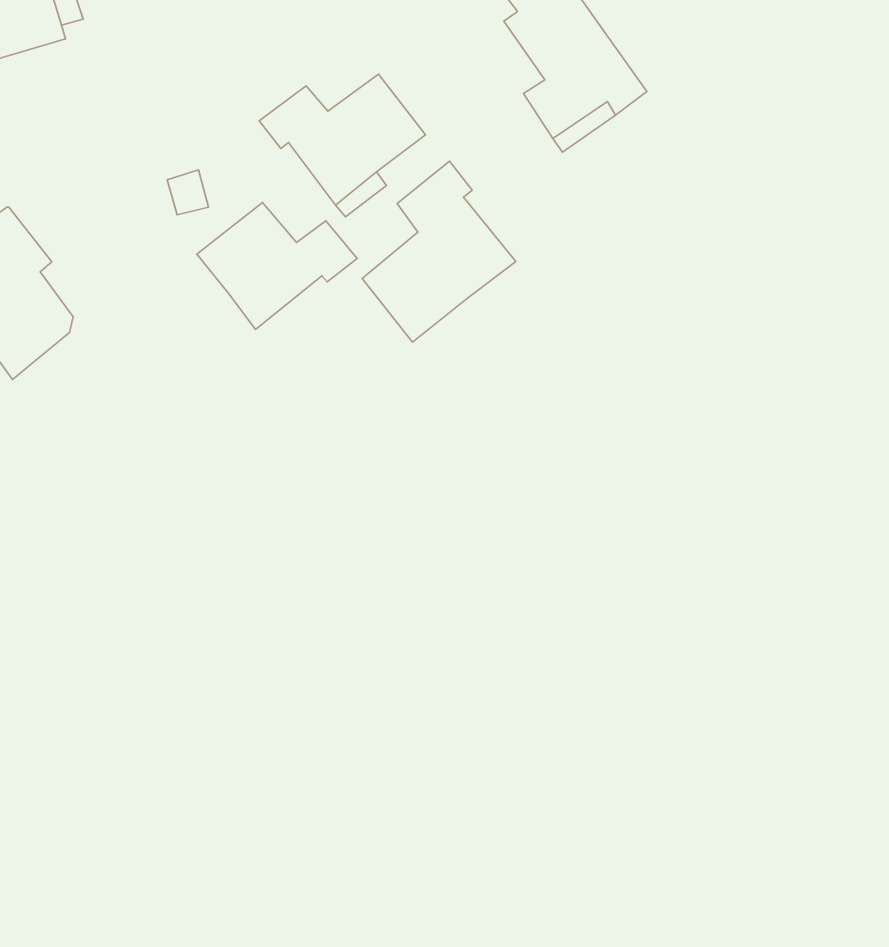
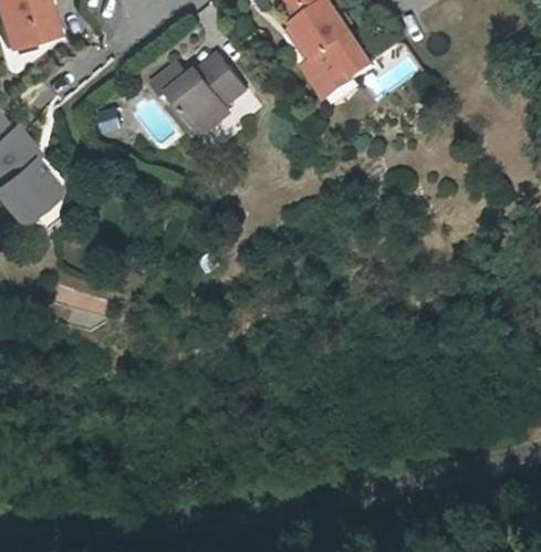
building: [362,161,516,342] -> none
building: [197,202,357,329] -> none

